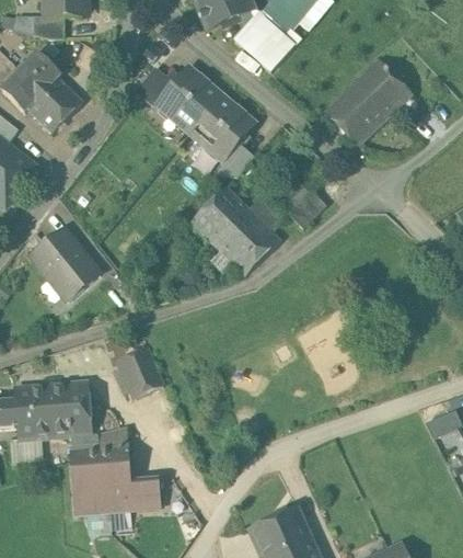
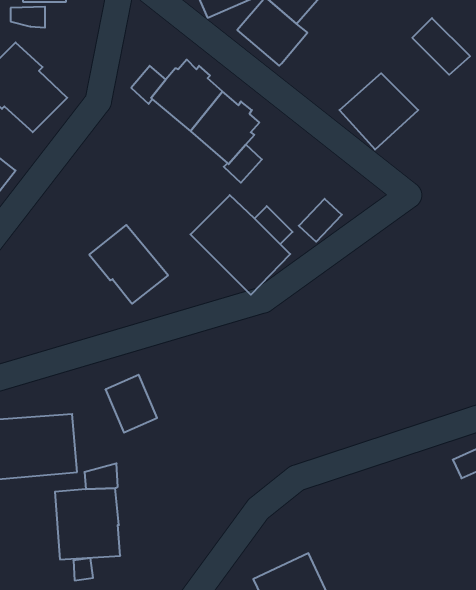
building: [360,61,412,112] -> [412,18,470,75]
building: [28,228,99,298] -> [89,225,168,304]
building: [126,479,159,509] -> none

